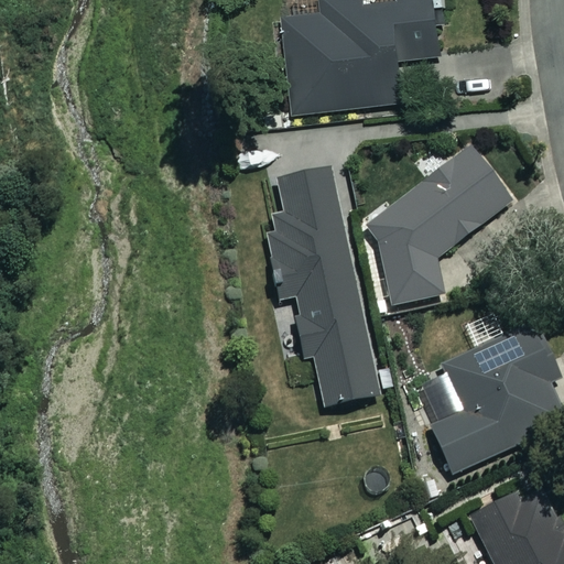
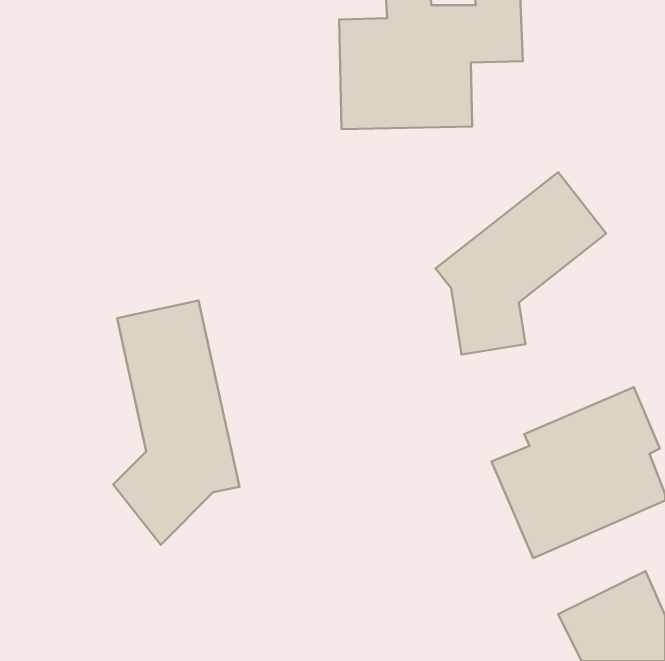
building: [267,170,378,408] -> none
building: none -> [113,300,239,545]

